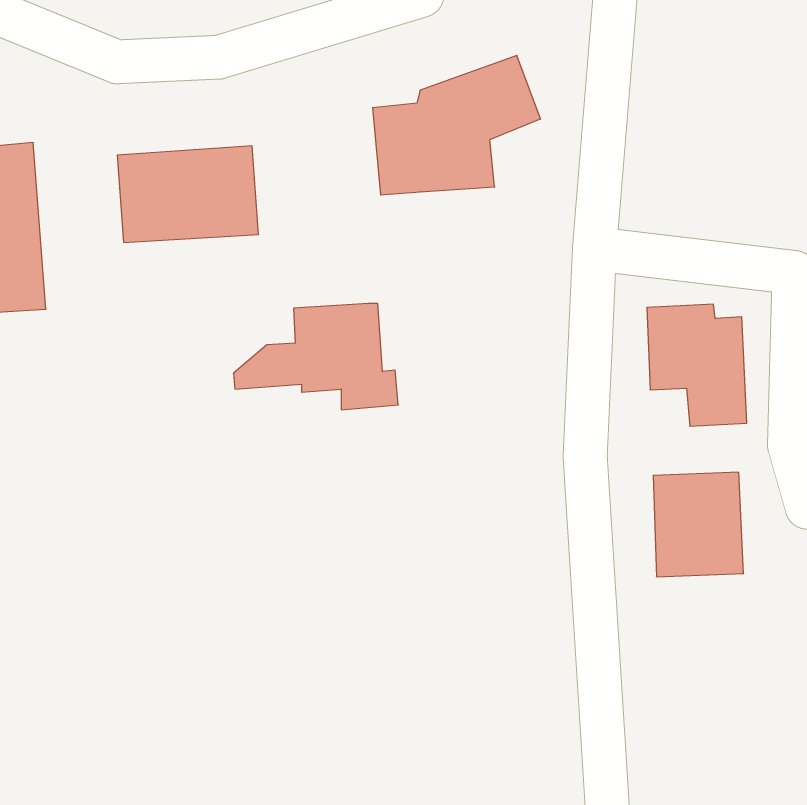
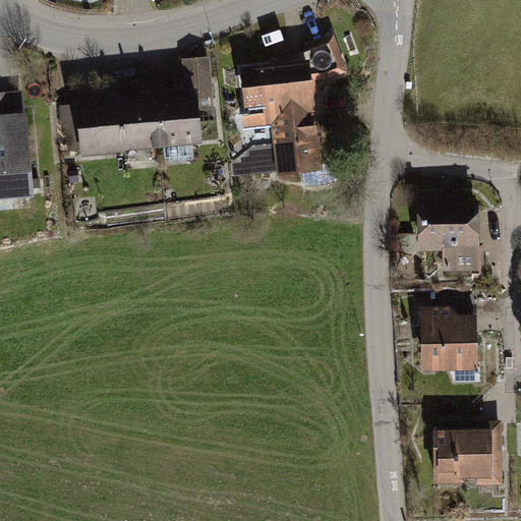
building: none -> [162,58,214,151]
building: [233,304,398,410] -> [231,120,337,188]
building: none -> [435,423,499,488]

